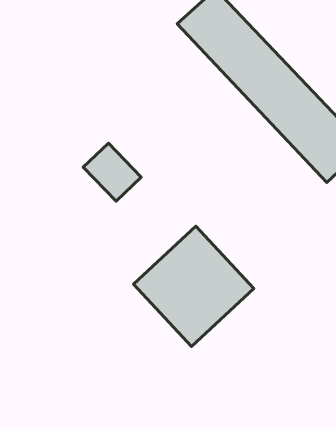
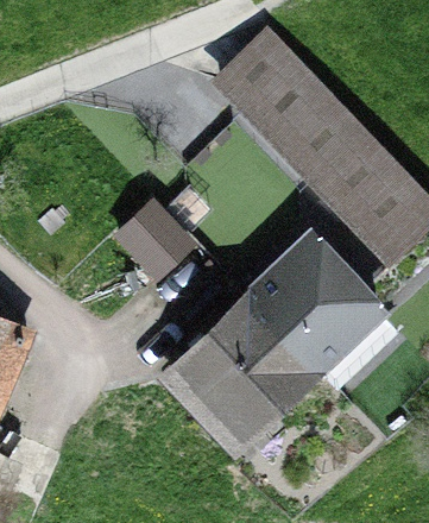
building: none -> [248,232,378,361]

